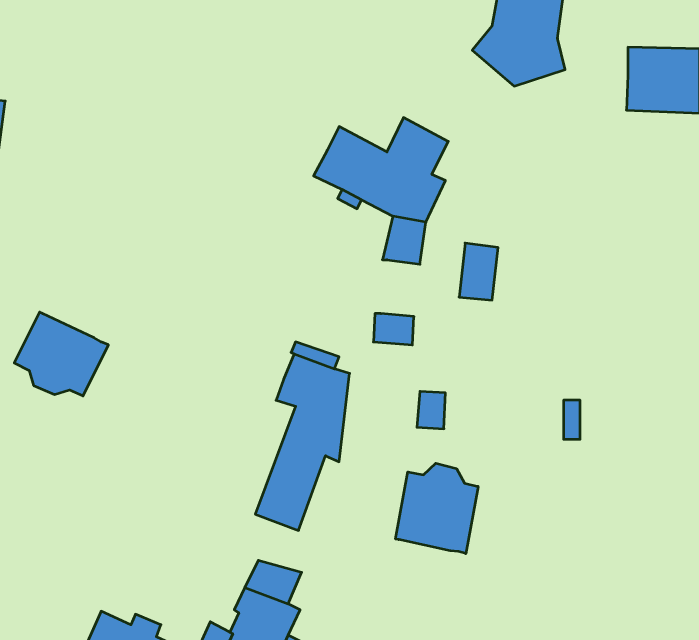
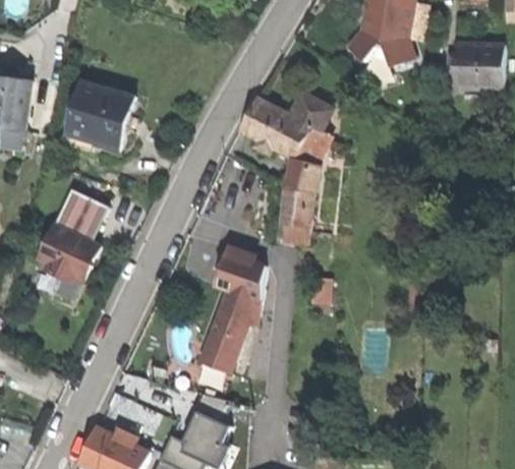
building: none -> [64,80,135,154]
building: [459,243,498,300] -> [286,188,312,227]
building: none -> [56,189,107,241]
building: [396,463,478,554] -> none

